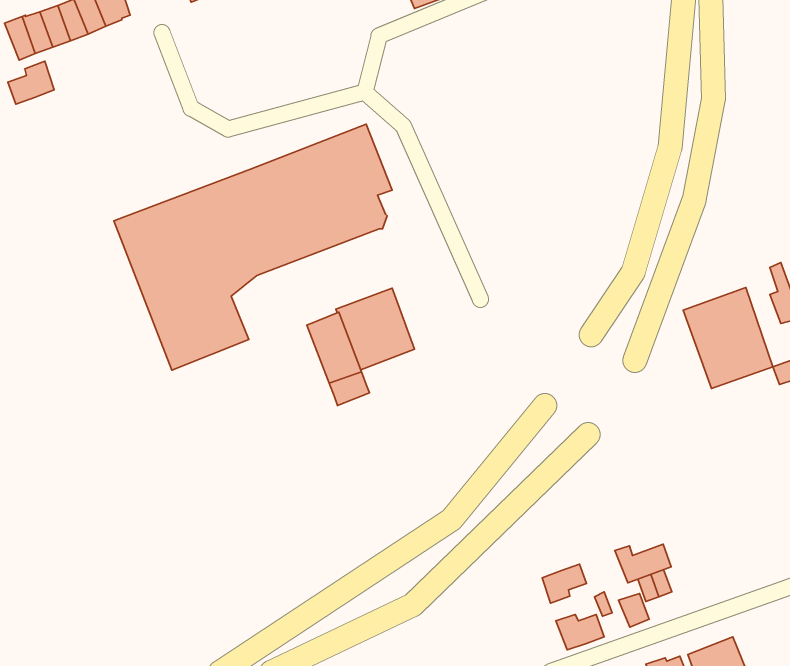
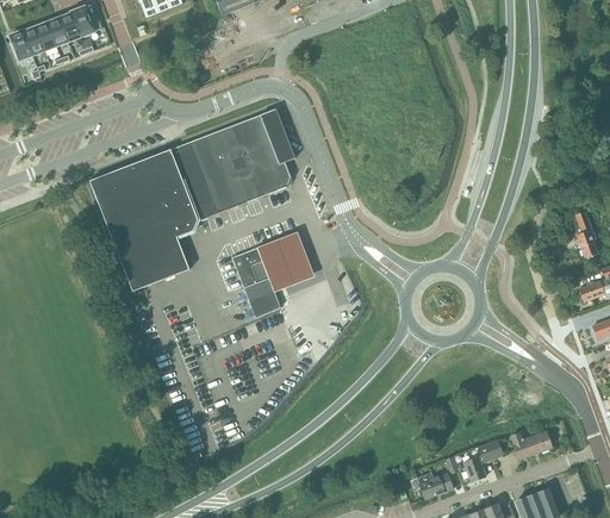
building: [8,61,54,104] -> none
building: [683,287,773,388] -> none
building: [615,544,671,583] -> [510,430,552,458]
building: [542,564,586,603] -> none

